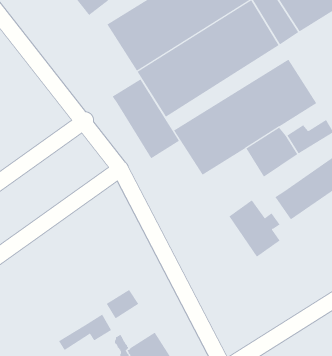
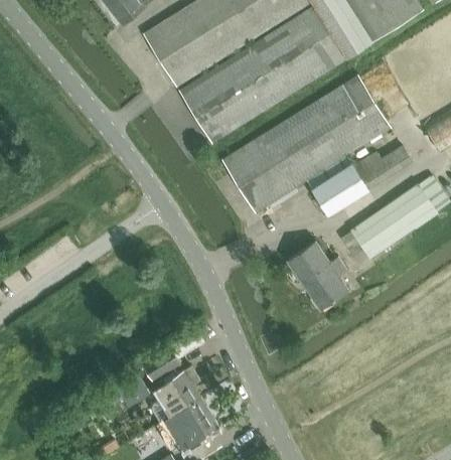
building: [112,78,180,159] -> none
building: none -> [153,364,200,415]

